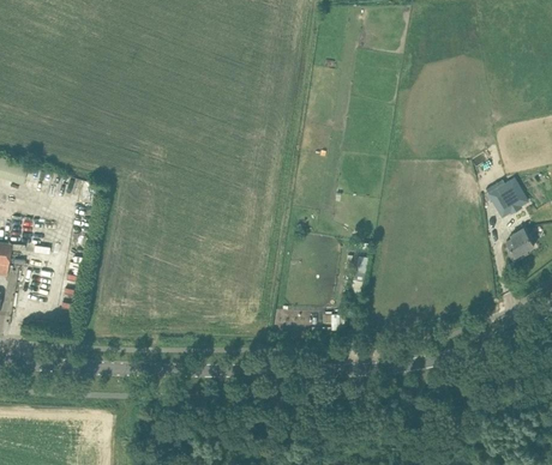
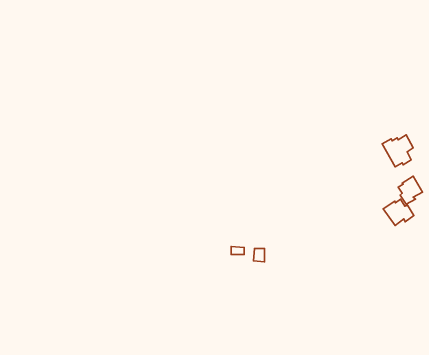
building: none -> [383,199,414,225]

